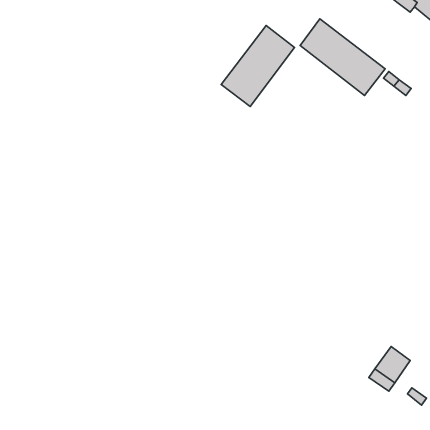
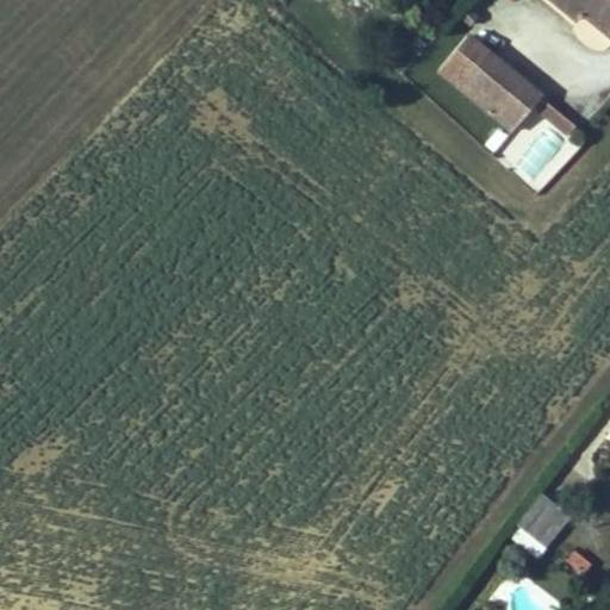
building: [221,25,295,106] -> none

